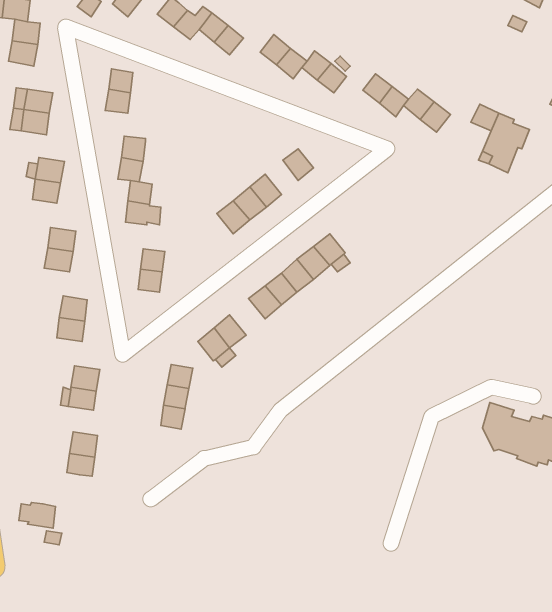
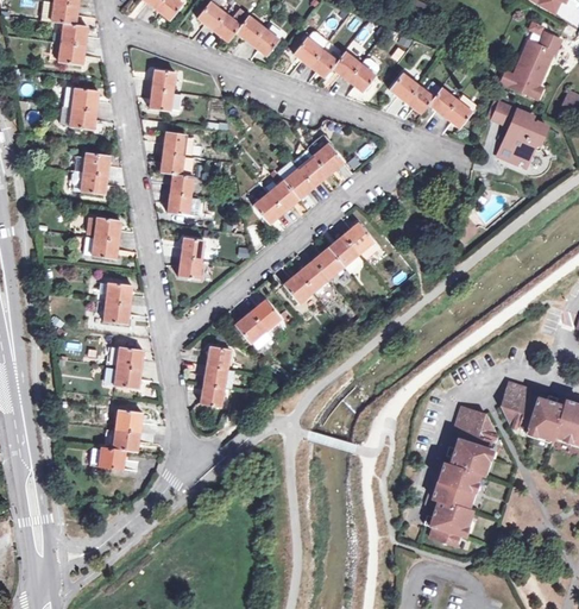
building: none -> [501,32,561,99]
building: none -> [298,155,329,187]
building: none -> [423,407,496,547]
building: [19,503,56,528] -> [90,446,125,470]

